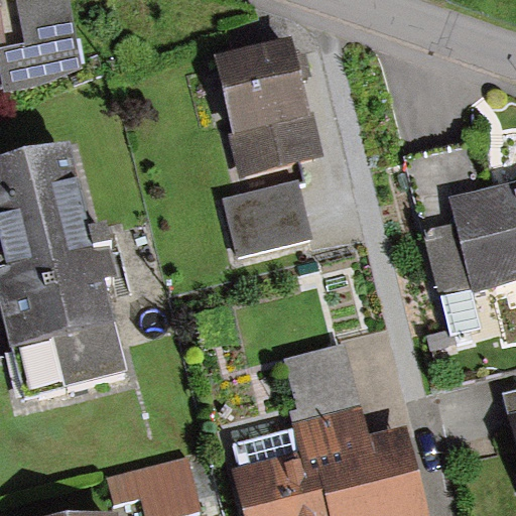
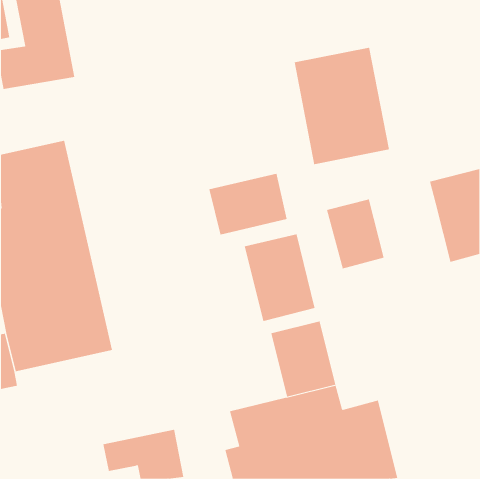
building: [220,45,322,171] -> [294,47,390,165]
building: [420,218,483,293] -> [326,199,385,269]
building: none -> [244,233,315,322]

